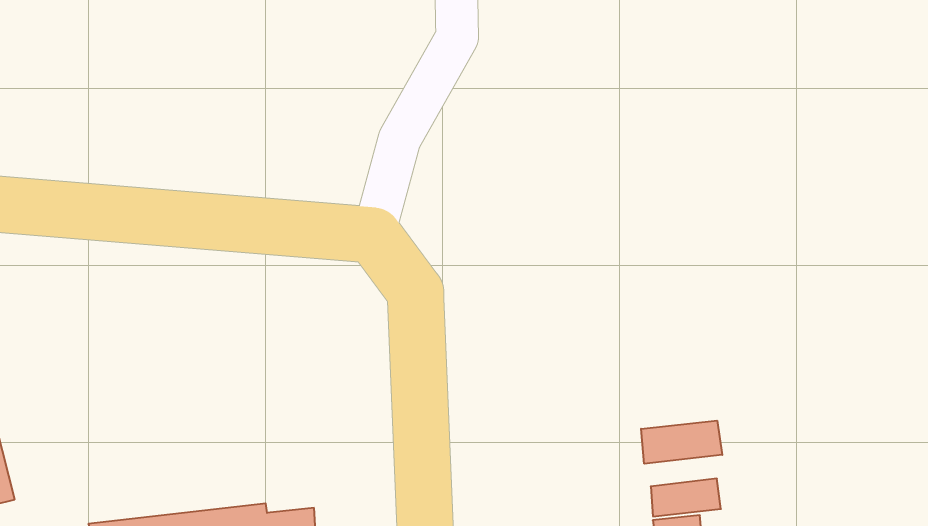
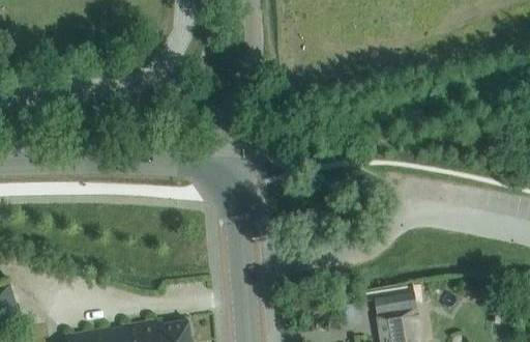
building: [641,421,722,464] -> none

